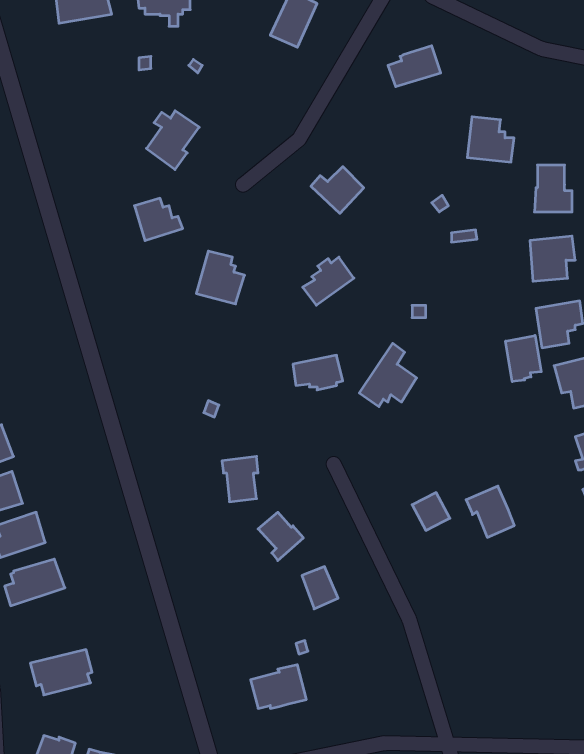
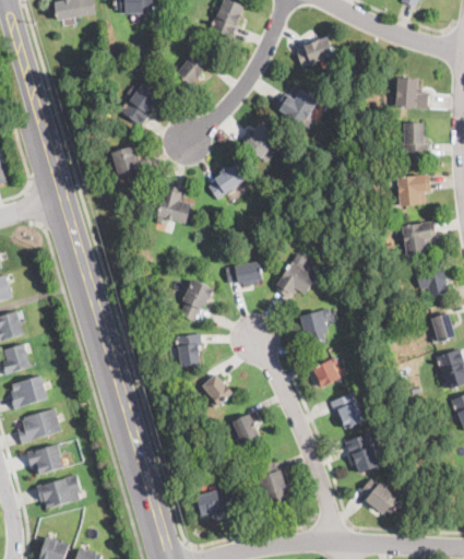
building: none -> [171,55,206,85]
building: [467,117,514,162] -> [394,78,428,110]
building: none -> [275,90,318,124]
building: [303,257,354,305] -> [207,165,245,200]
building: [506,335,541,382] -> none
building: none -> [179,280,213,322]
building: none -> [299,309,331,343]
building: [466,486,514,537] -> [330,392,365,429]
building: none -> [344,433,379,474]
building: none -> [27,443,63,474]
building: none -> [255,462,286,503]
building: none -> [360,478,398,515]

